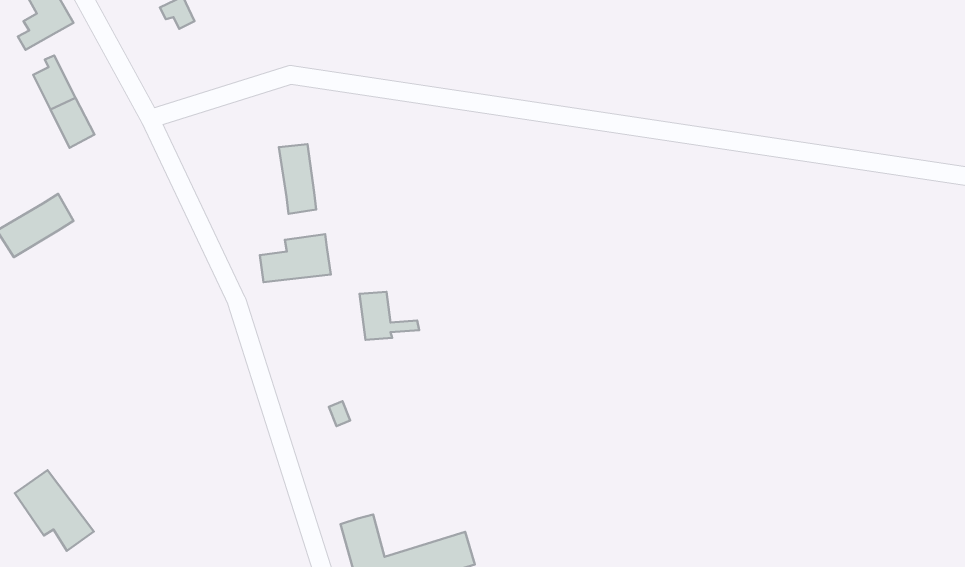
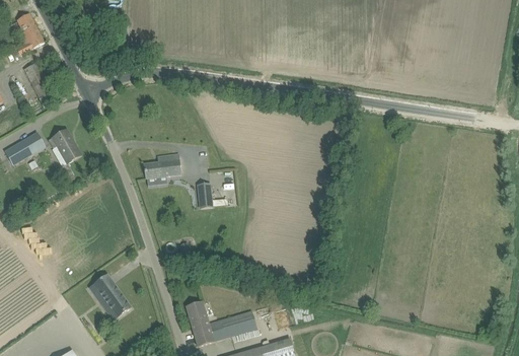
building: [279,144,316,214] -> none
building: none -> [48,129,81,163]
building: [15,470,94,551] -> [89,275,131,317]

